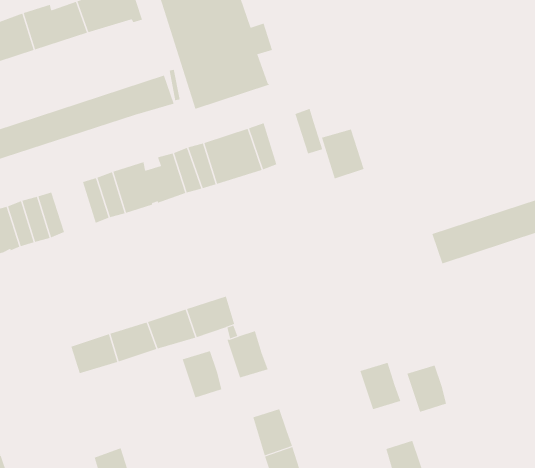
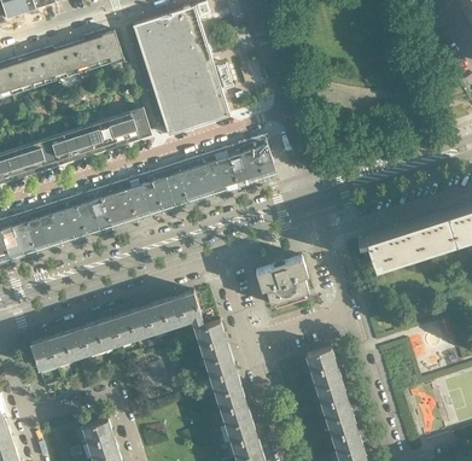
building: [321,129,364,179] -> [226,141,262,183]
building: none -> [48,198,85,240]
building: none -> [256,257,309,308]
building: none -> [31,335,71,369]
building: [182,350,222,398] -> [205,355,239,395]
building: [406,365,447,413] -> [316,381,350,421]

